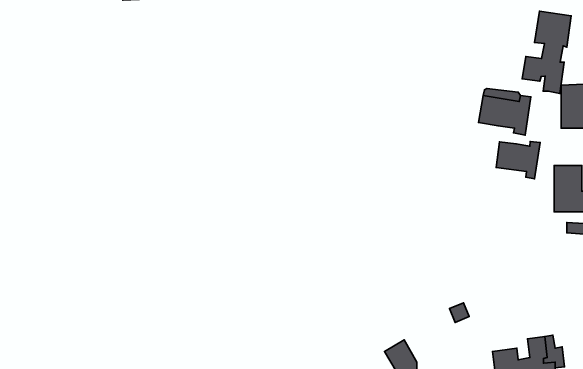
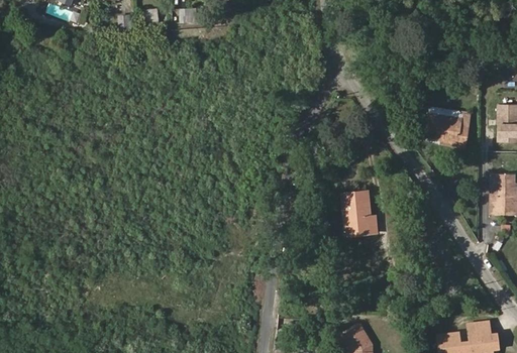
building: [522,11,571,94] -> none
building: [496,142,540,179] -> none
building: none -> [342,190,372,235]

